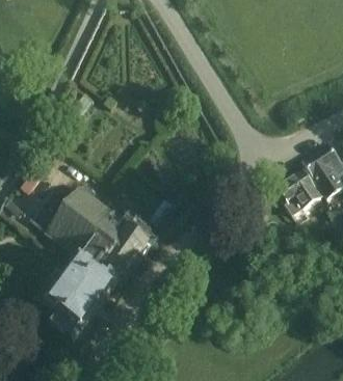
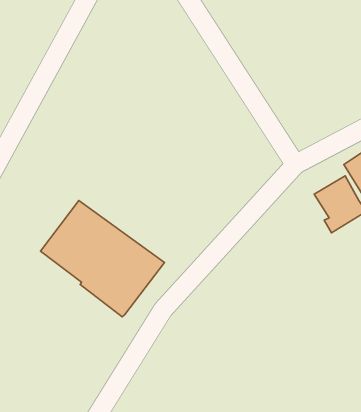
building: [33,255,114,339] -> none

